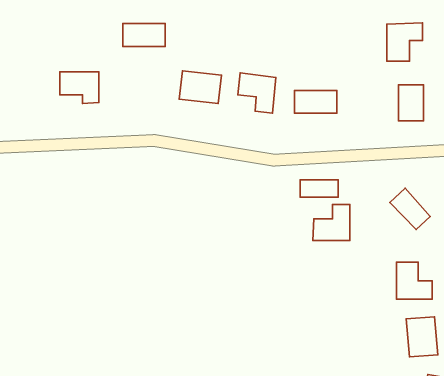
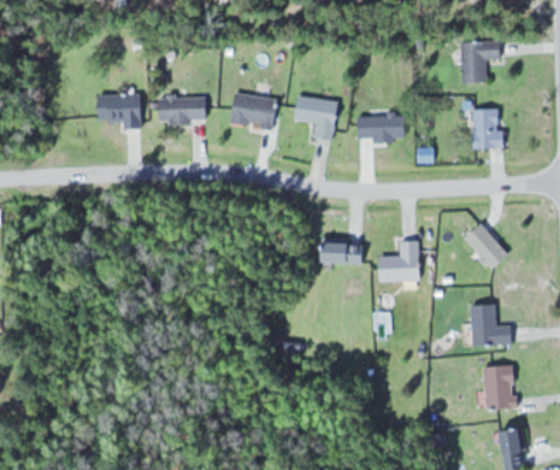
building: [123,24,165,46] -> [158,96,205,122]
building: [300,180,338,197] -> [320,243,362,263]

